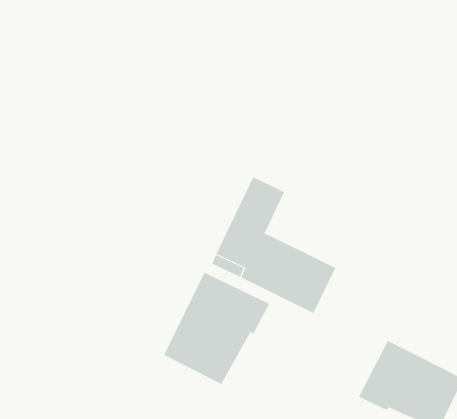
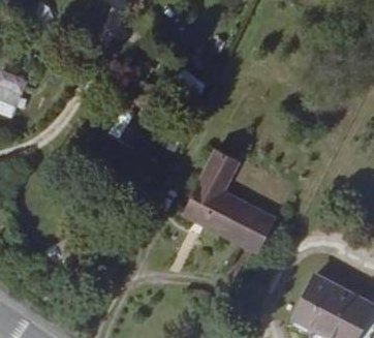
building: [164,272,270,385] -> none

